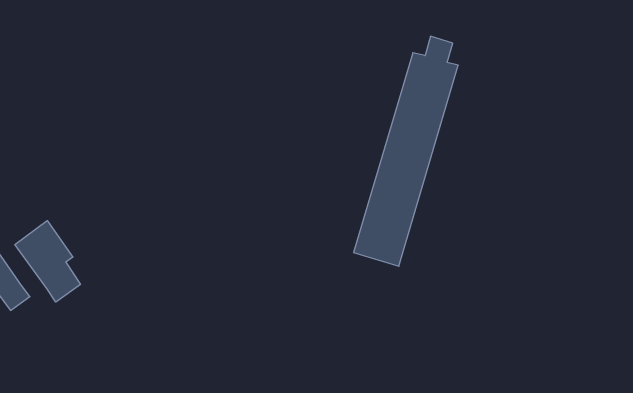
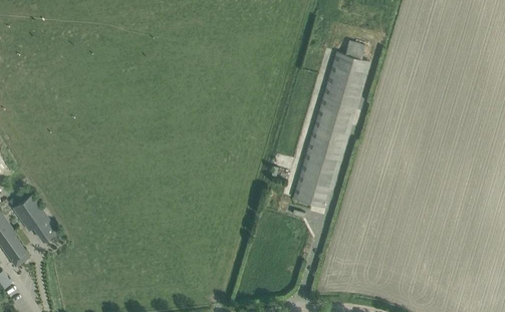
building: [15,221,80,302] -> none

